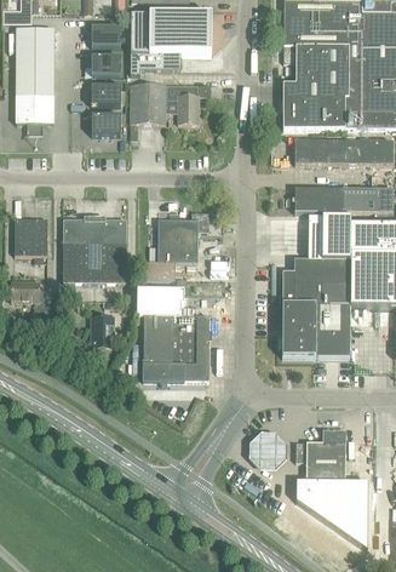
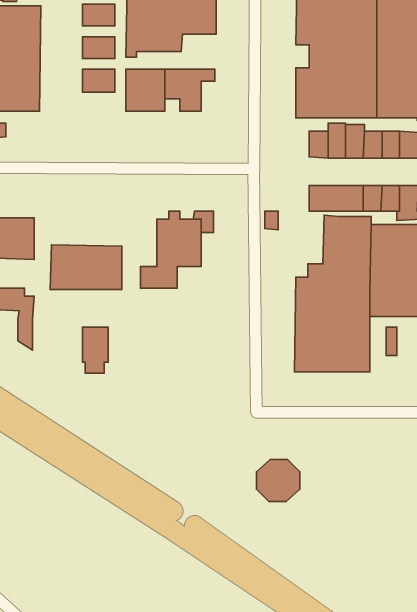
building: [92,114,121,133] -> none
building: [64,218,127,242] -> none
building: [137,290,210,384] -> none
building: [295,430,369,549] -> none

